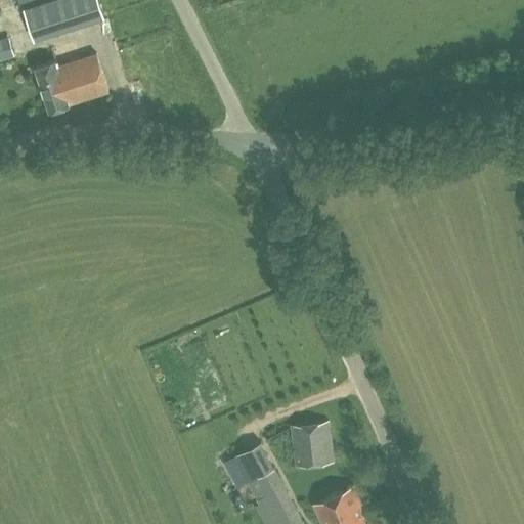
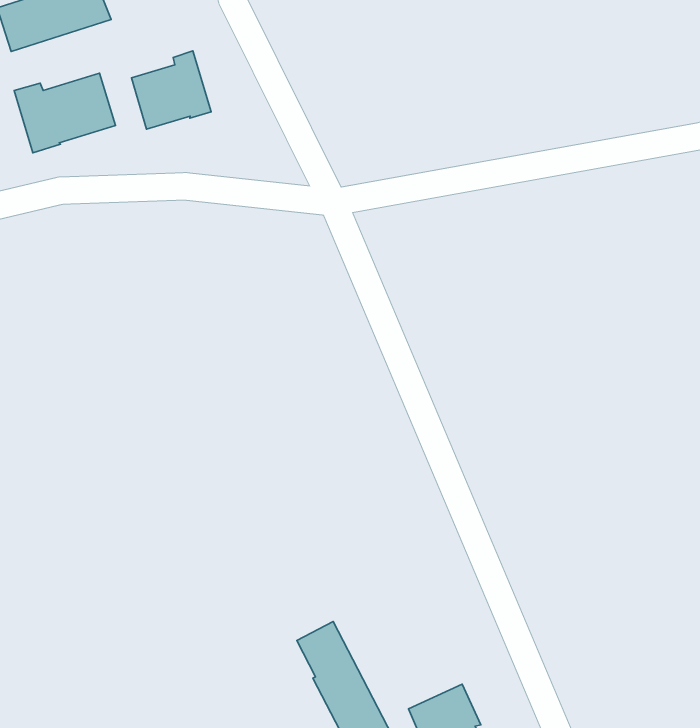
building: none -> [131,51,211,129]
building: [290,423,333,468] -> none

